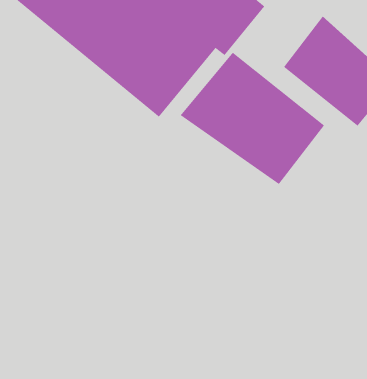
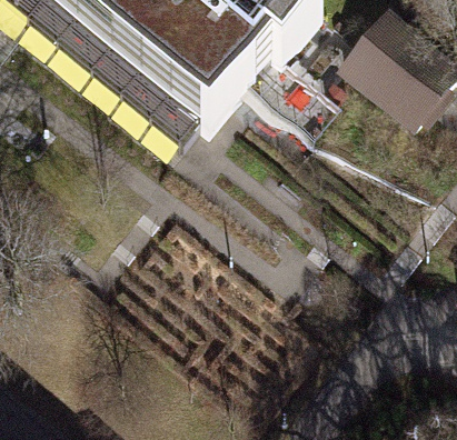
building: [180,52,325,185] -> none

